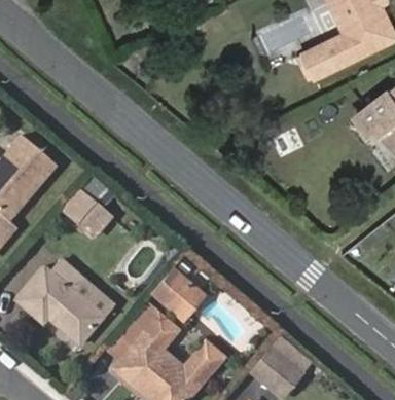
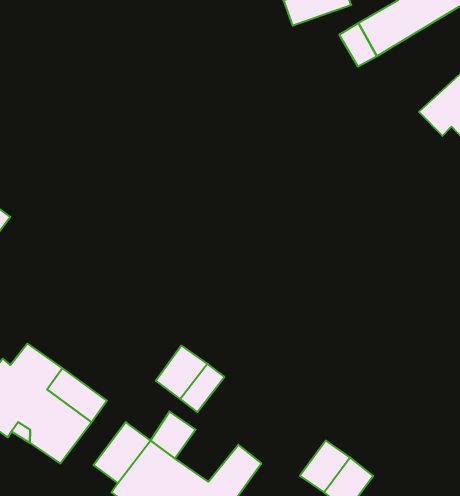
building: [64,184,112,231] -> none

